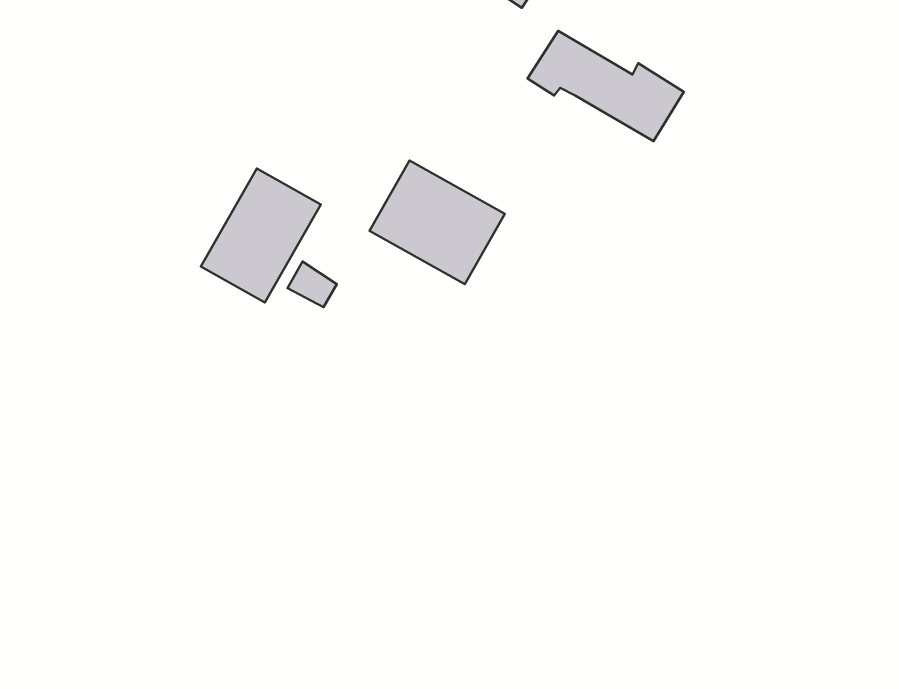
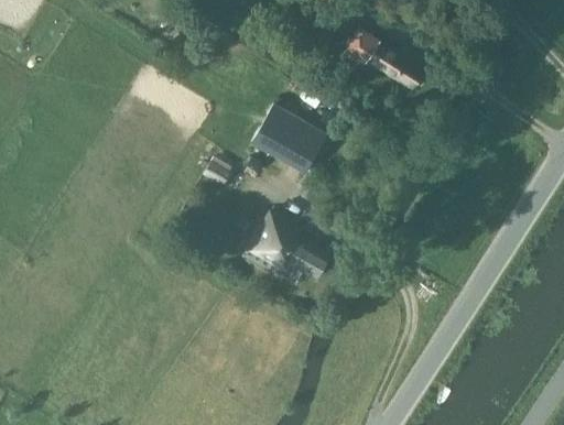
building: [201,168,321,302] -> none
building: none -> [245,212,328,282]

